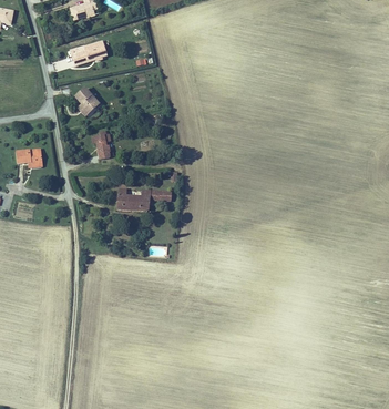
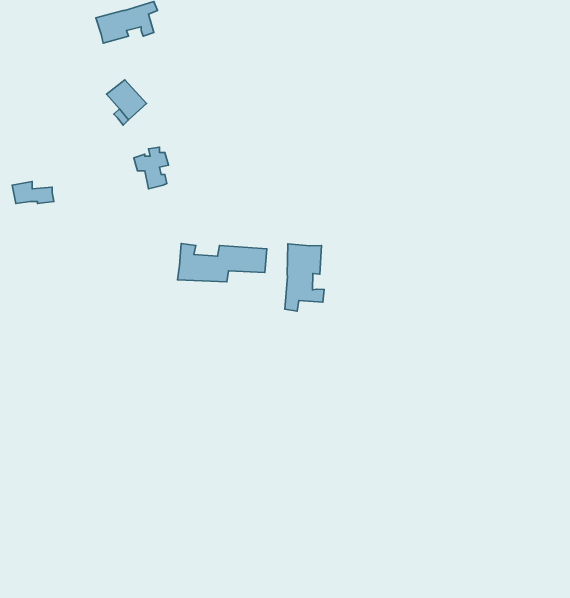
building: none -> [285,244,324,311]

